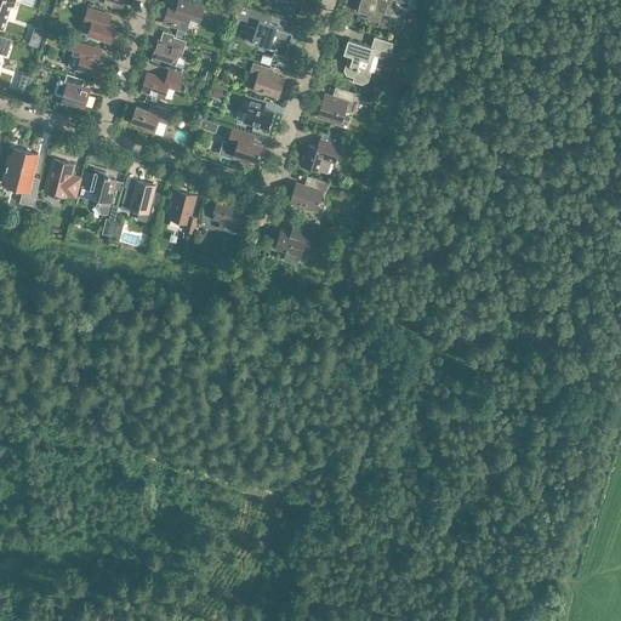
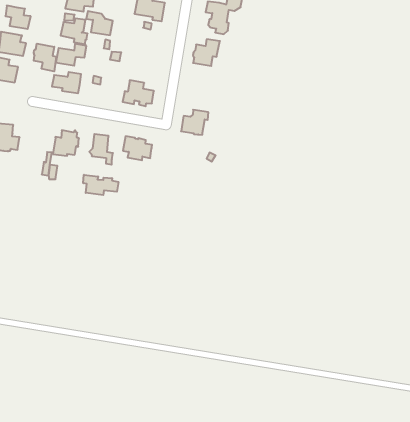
building: [249,62,283,97] -> [86,11,113,35]
building: none -> [34,44,56,71]
building: [239,95,272,130] -> none
building: [301,132,342,172] -> none
building: [79,169,115,215] -> none
building: [274,224,315,264] -> none
building: none -> [83,175,118,195]

